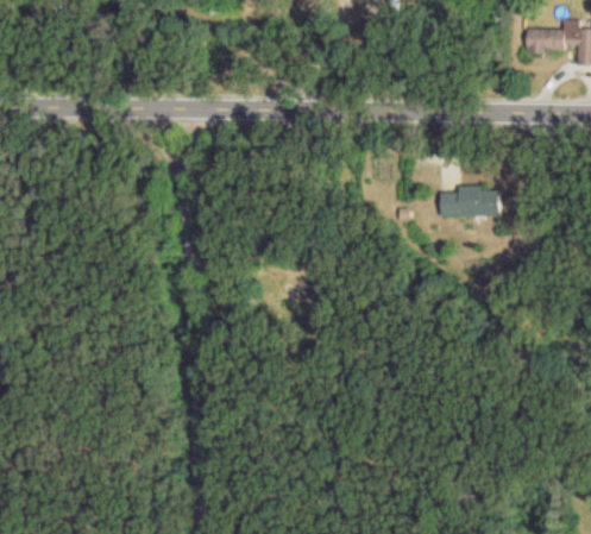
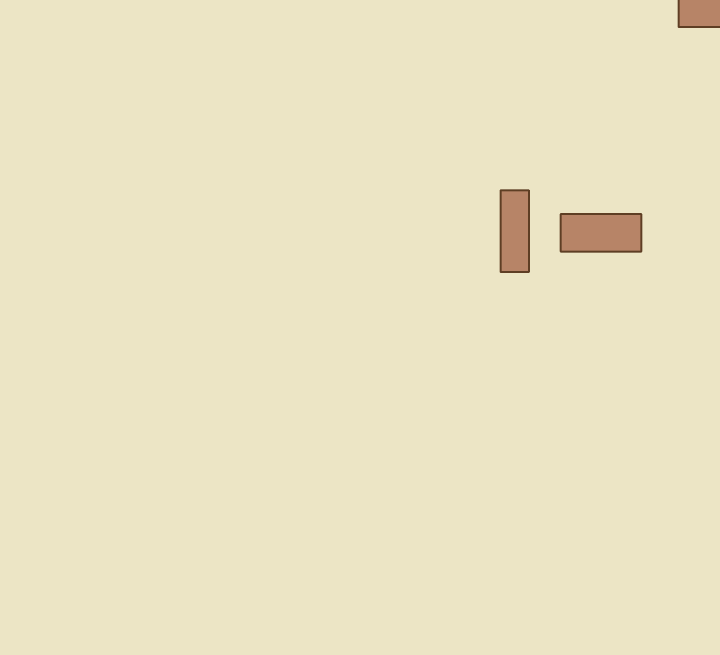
building: none -> [501,190,529,272]

